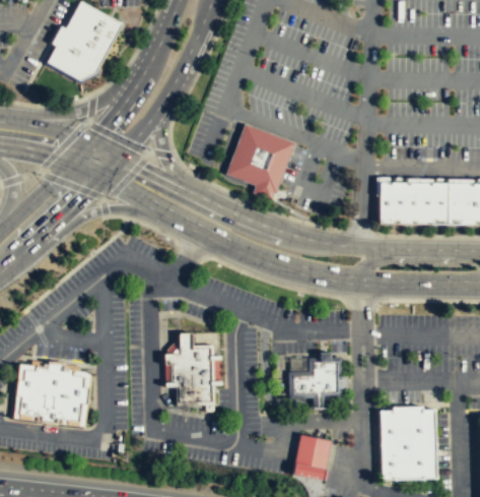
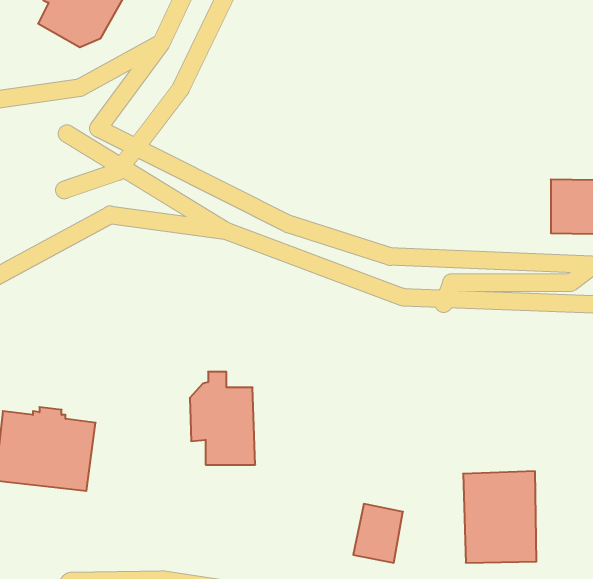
building: [226,122,296,192] -> none
building: [376,181,445,224] -> none
building: [289,355,343,406] -> none

